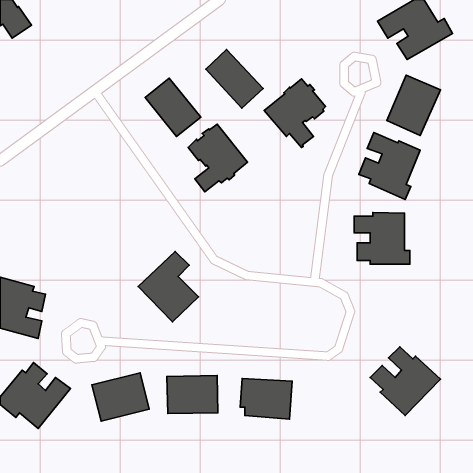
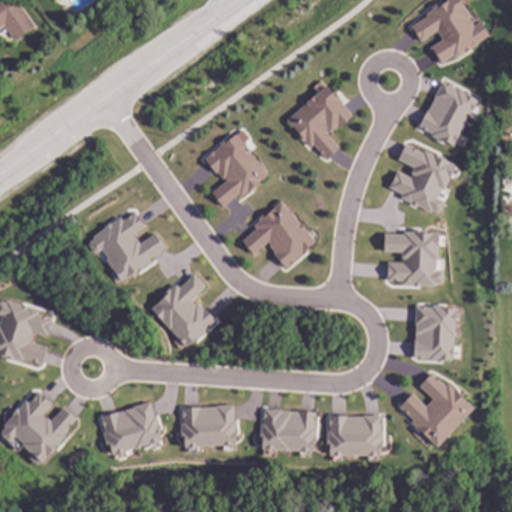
building: [206,50,263,108] -> none
building: [145,78,201,136] -> none
building: none -> [241,201,315,268]
building: none -> [85,211,165,279]
building: none -> [413,305,454,360]
building: none -> [328,415,382,456]

